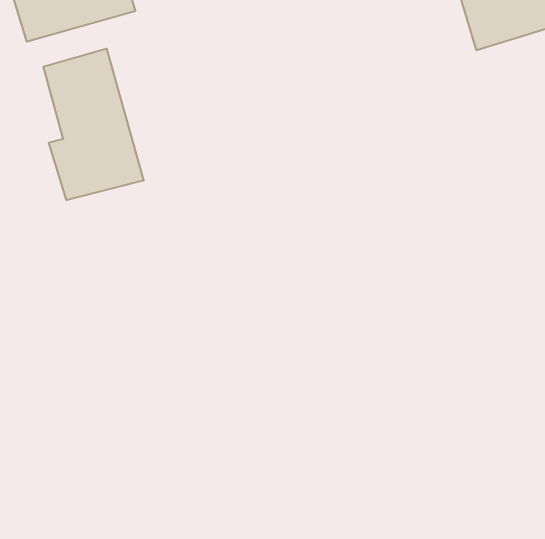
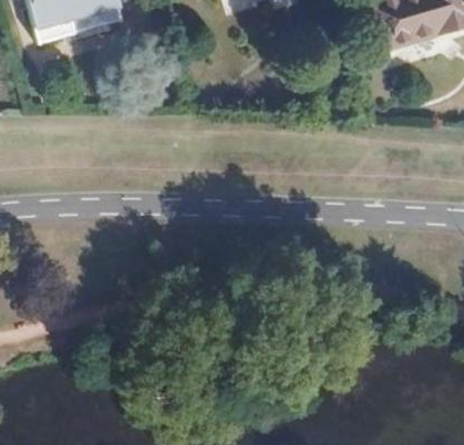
building: [43,49,144,200] -> none

